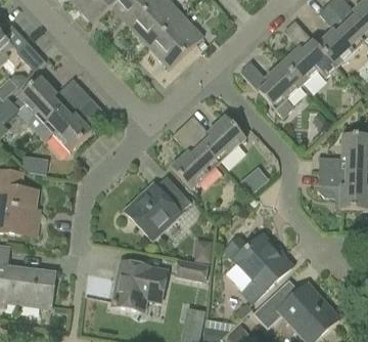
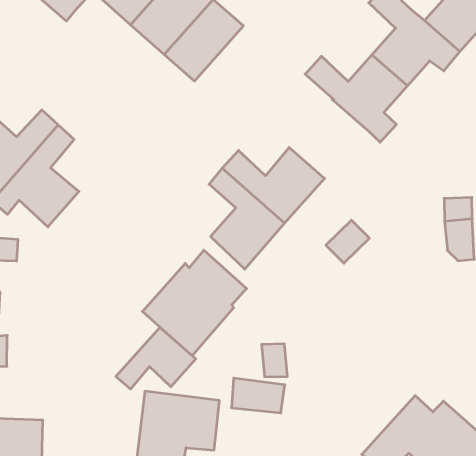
building: none -> [116,327,196,389]
building: [223,233,290,301] -> none

